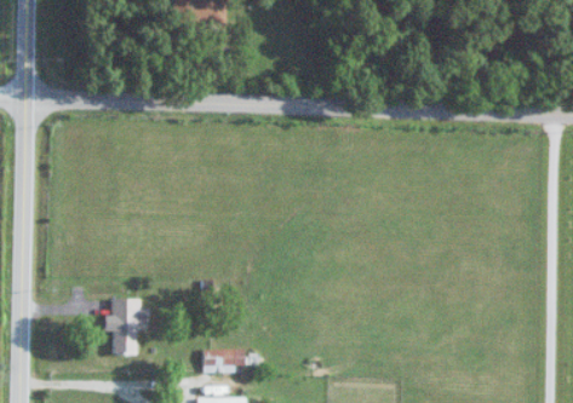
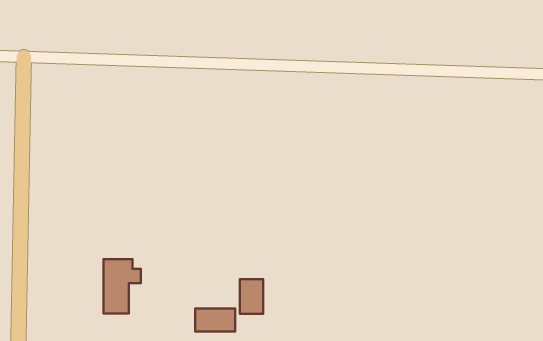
building: none -> [240,279,263,314]

